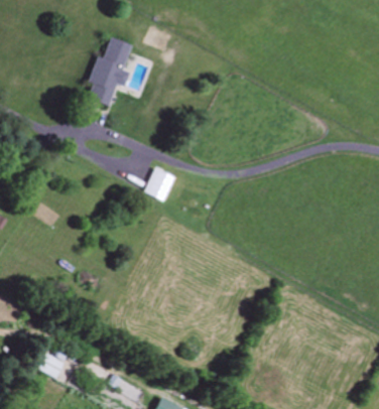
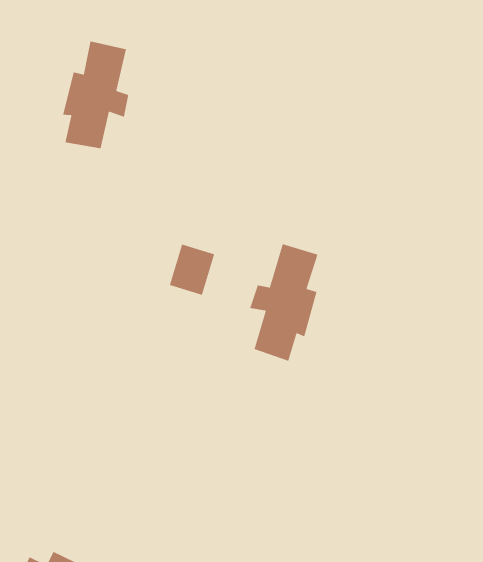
building: none -> [249,243,319,362]

